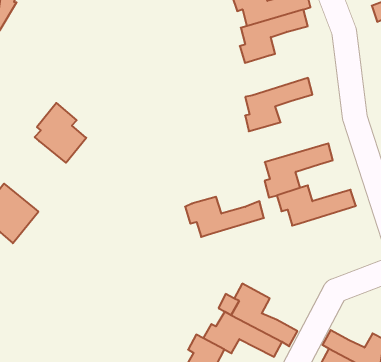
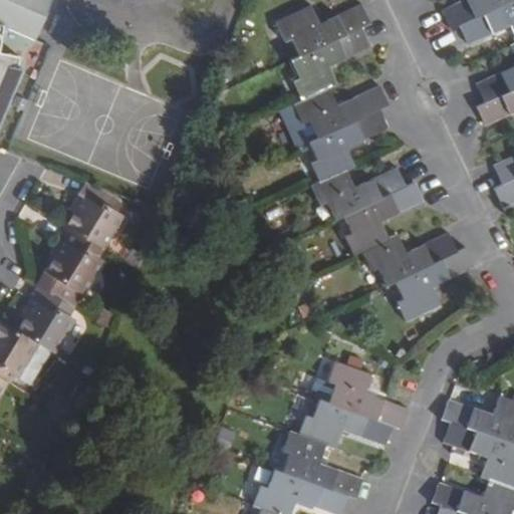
building: none -> [292,85,388,138]
building: none -> [36,228,107,308]
building: [185,197,264,237] -> [309,167,405,219]
building: none -> [394,247,474,320]

